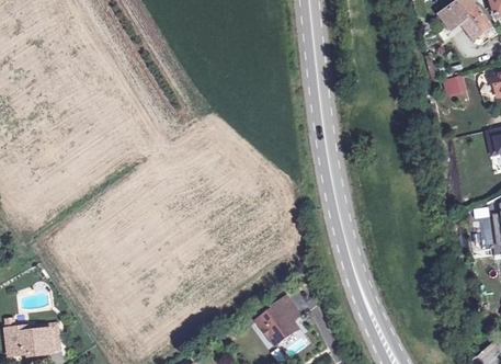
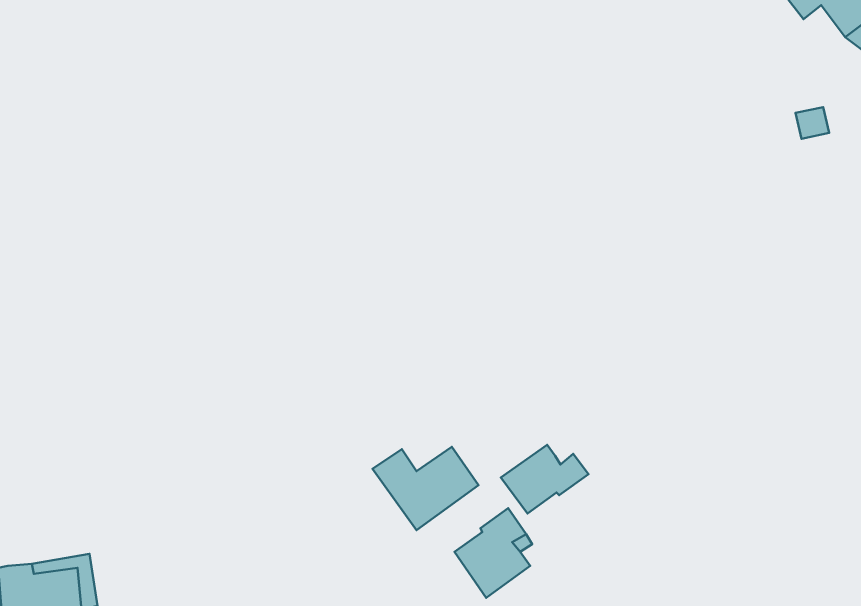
building: none -> [501,445,588,513]
building: none -> [373,447,478,530]

